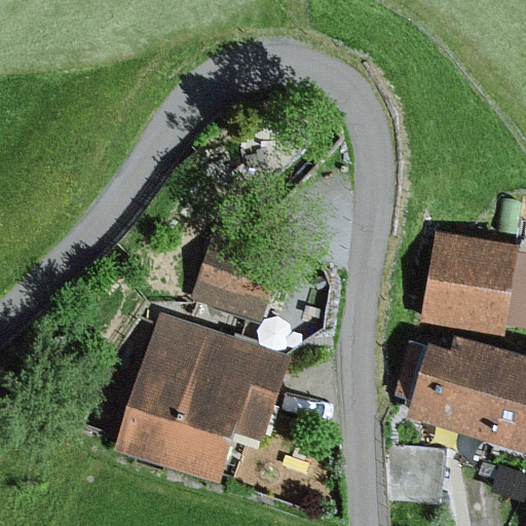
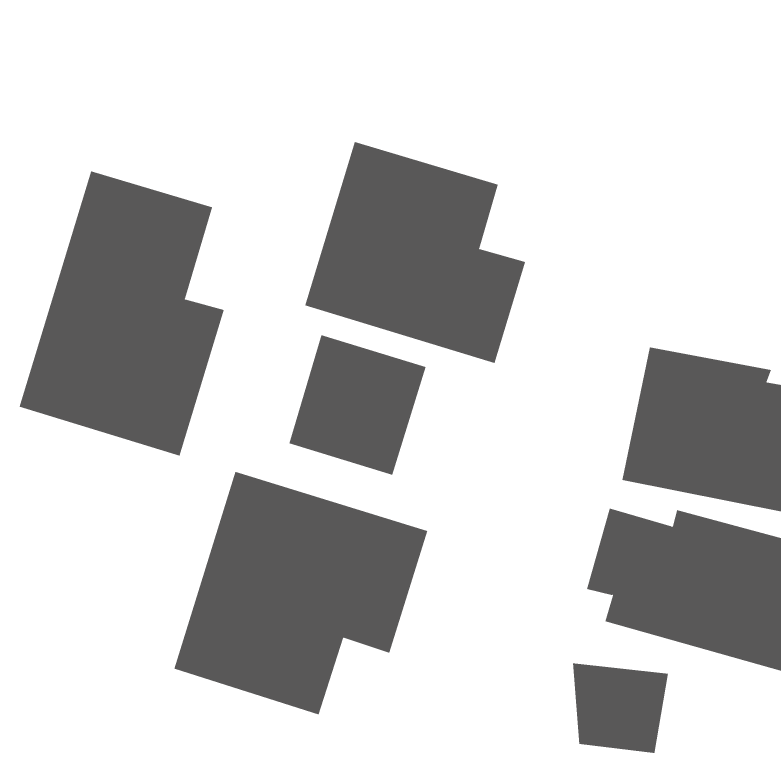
building: none -> [304,141,526,364]
building: none -> [19,171,224,456]

